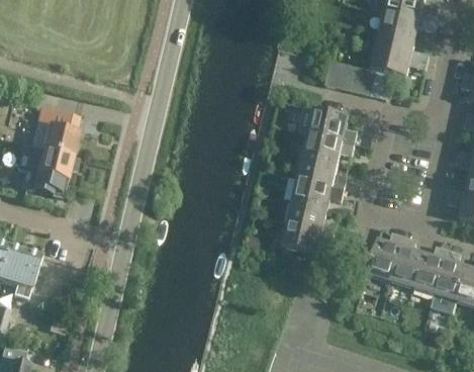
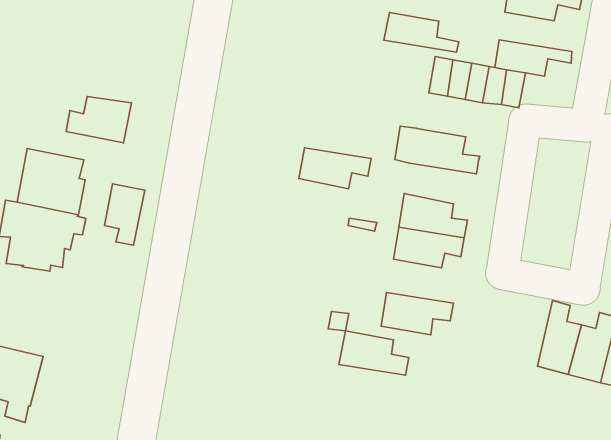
building: [375,30,428,61] -> [384,13,459,52]
building: none -> [66,97,132,143]
building: [302,132,354,163] -> [299,148,371,189]
building: none -> [104,184,145,245]
building: [286,199,336,232] -> [339,331,409,375]
building: [366,231,402,280] -> none

